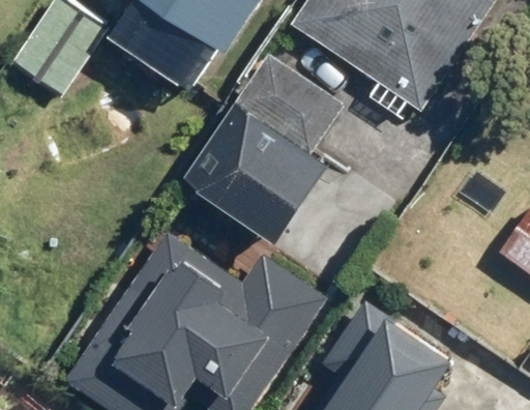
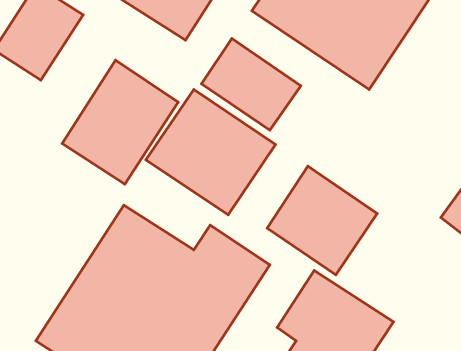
building: none -> [62,60,178,184]
building: none -> [267,166,377,275]

